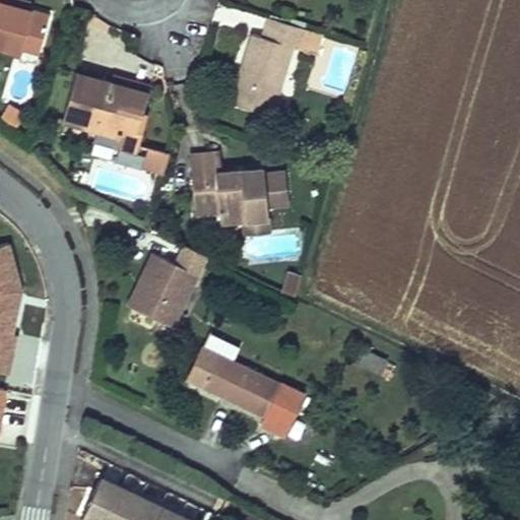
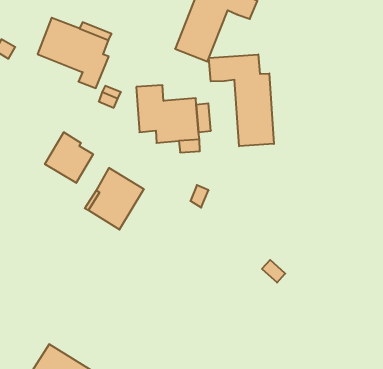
building: none -> [209,54,274,146]
building: none -> [45,132,93,183]
building: [188,329,310,442] -> none

